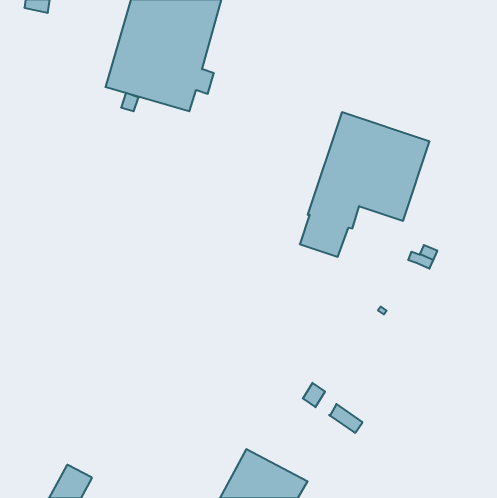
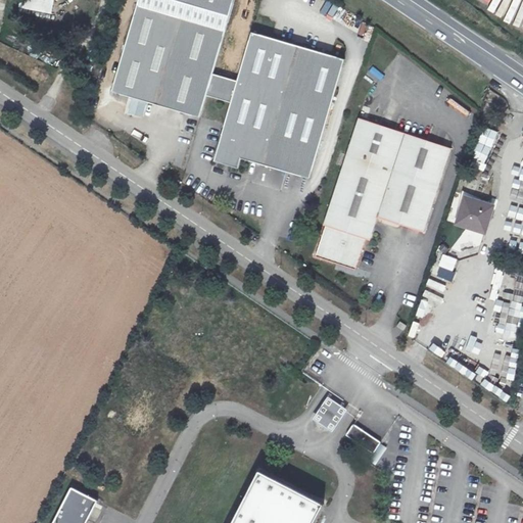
building: none -> [212,32,343,178]
building: none -> [455,196,491,232]

